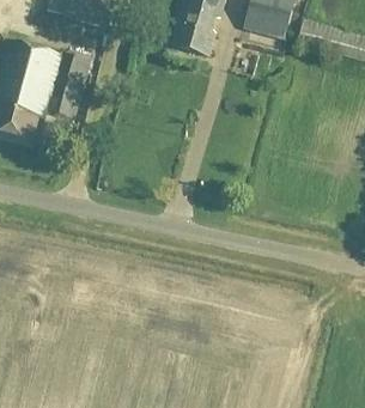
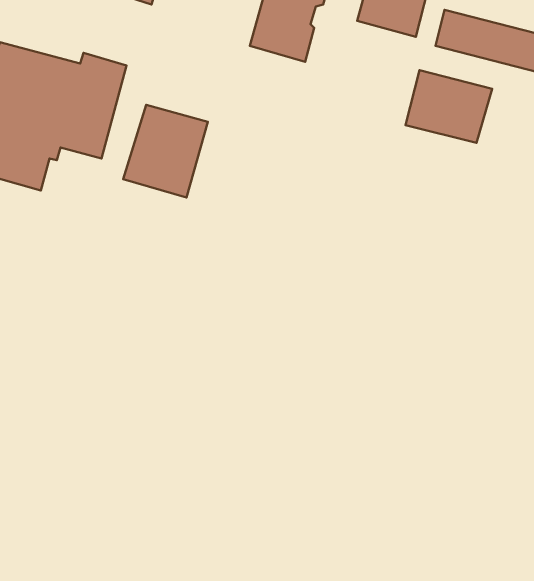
building: none -> [405,70,492,143]
building: none -> [123,105,208,197]

